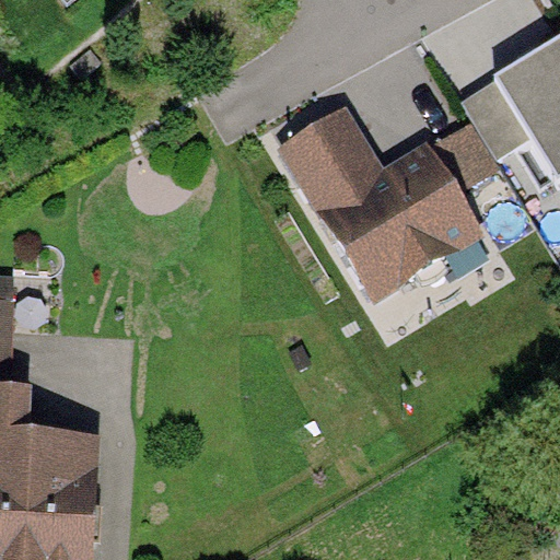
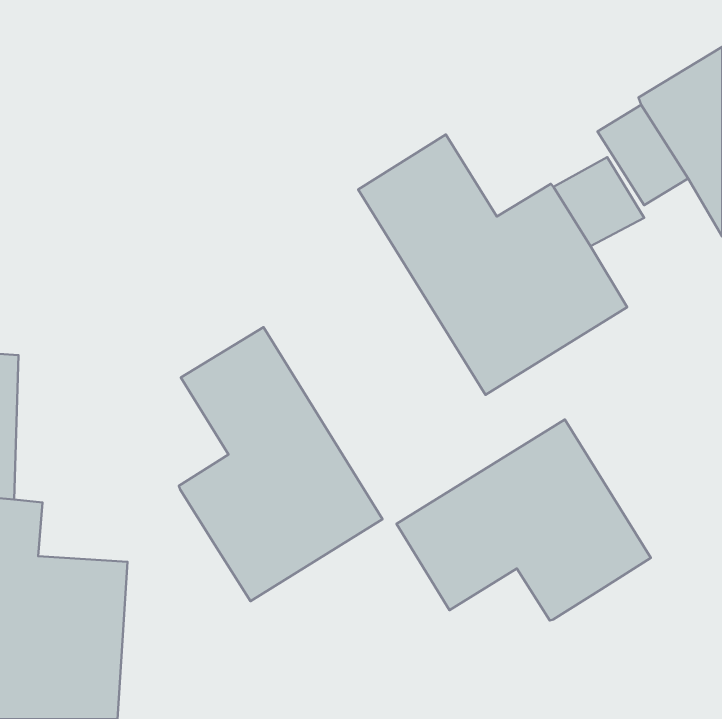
building: none -> [179,327,383,601]
building: none -> [397,419,651,620]

